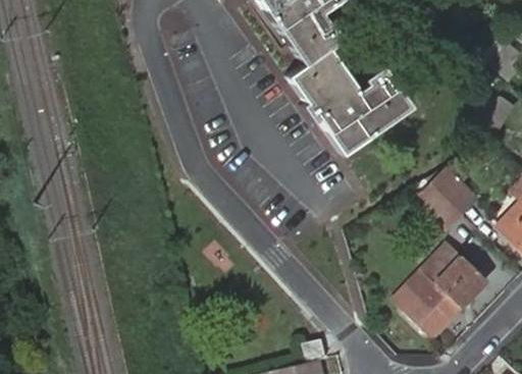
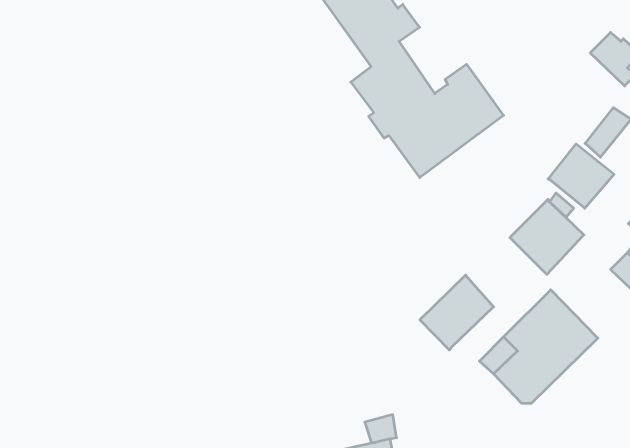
building: none -> [548,144,614,208]
building: none -> [420,275,494,350]

